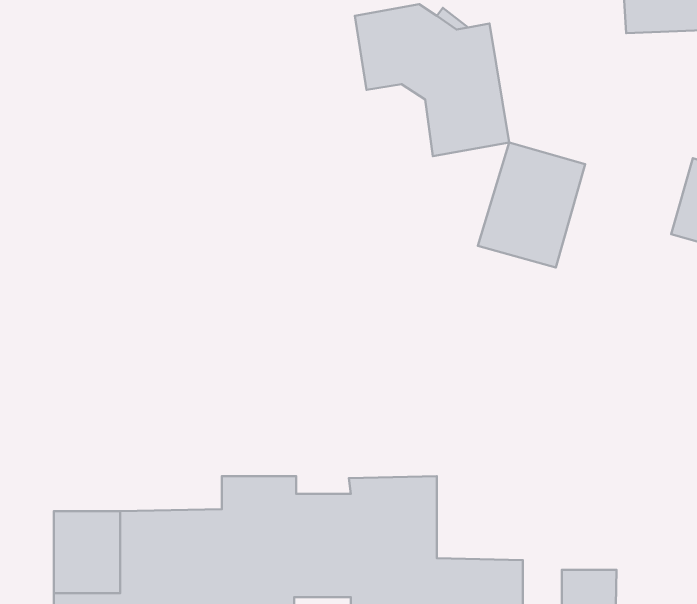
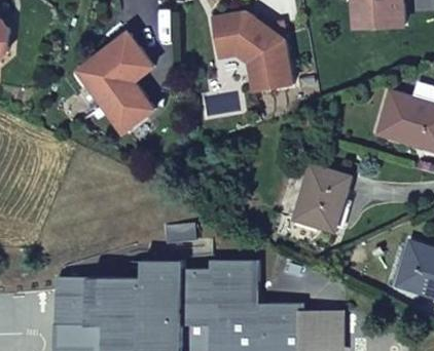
building: none -> [76,33,154,132]
building: [478,143,585,267] -> [293,165,350,231]

